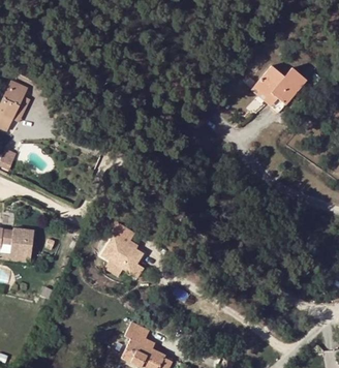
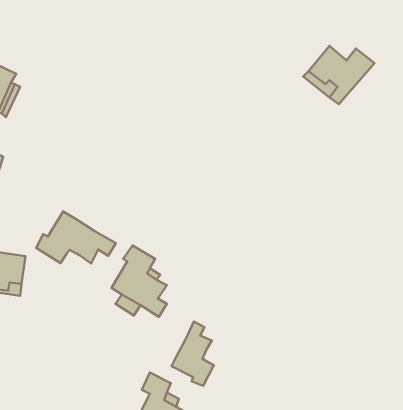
building: none -> [36,211,116,263]
building: none -> [172,322,214,386]

